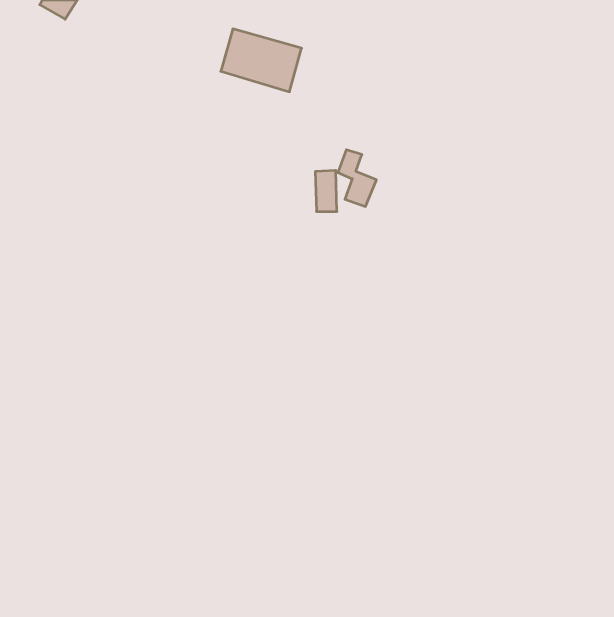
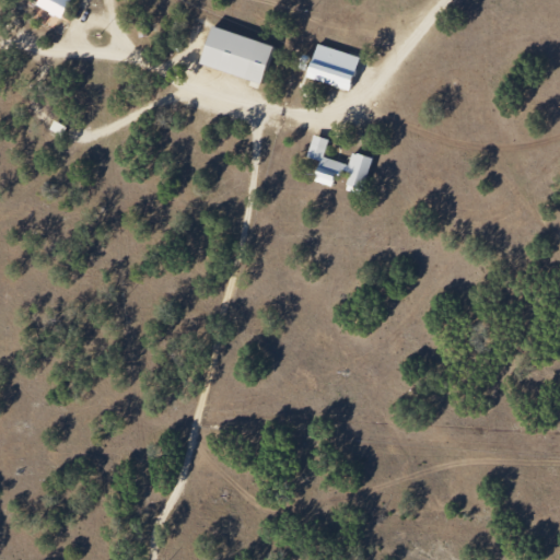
building: none -> [306,44,359,90]
building: [315,170,337,211] -> [348,154,368,191]

